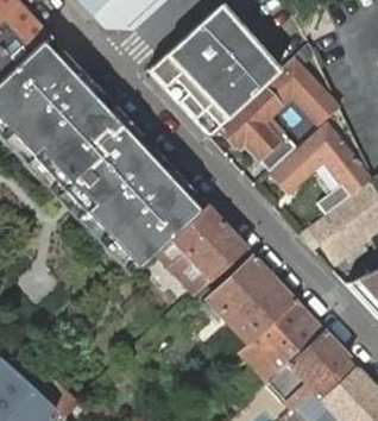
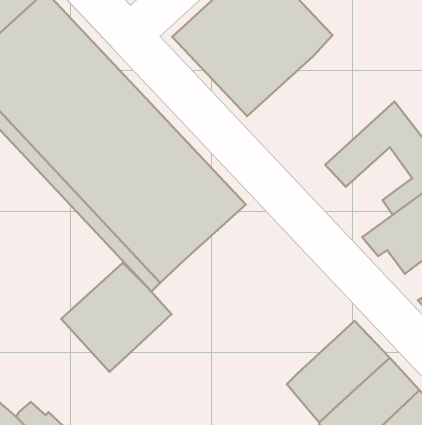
building: [220,58,339,169] -> none
building: [158,207,247,295] -> [61,263,171,372]
building: [208,257,296,344] -> none

